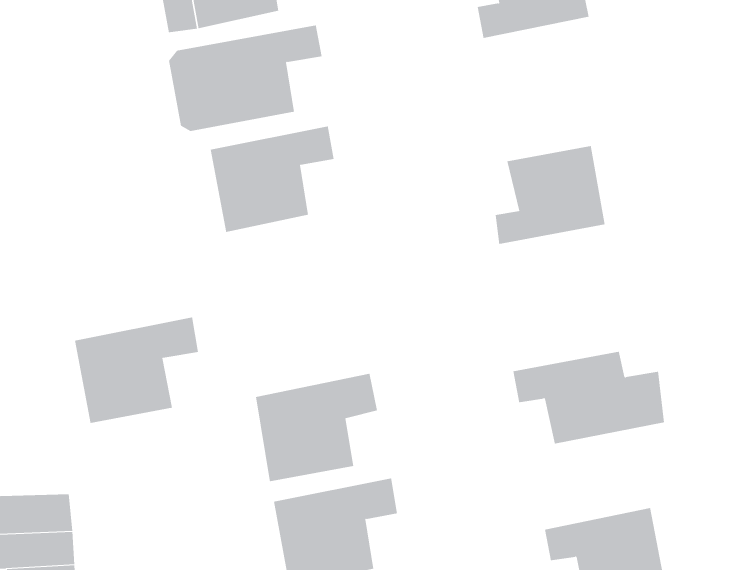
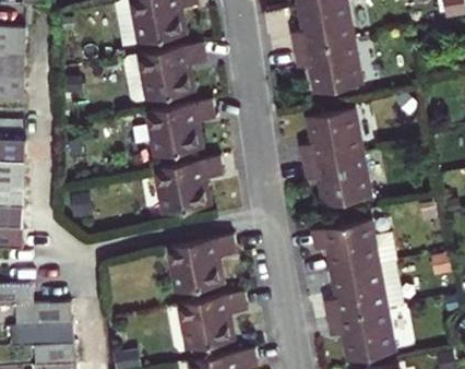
building: none -> [296,39,363,94]
building: none -> [305,154,372,207]
building: [74,317,199,424] -> [154,156,223,215]
building: none -> [326,263,404,322]

